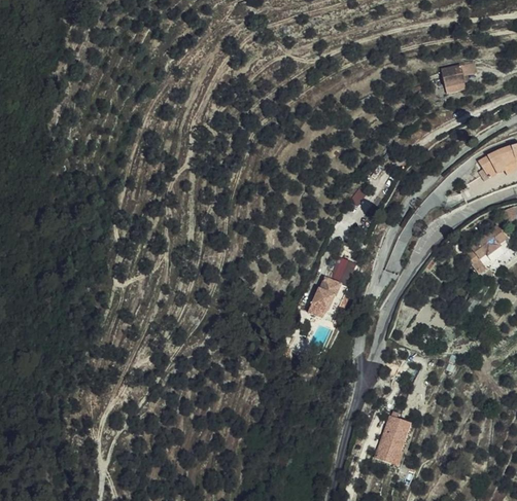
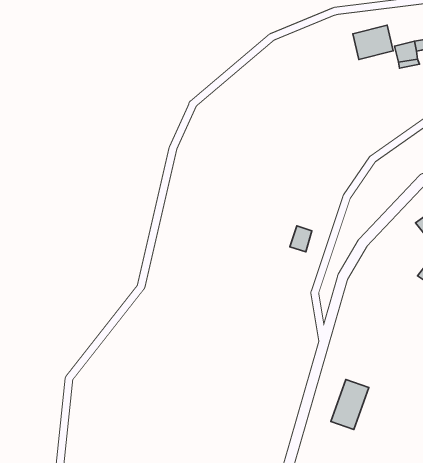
building: none -> [353,25,393,59]
building: [306,278,340,320] -> none

